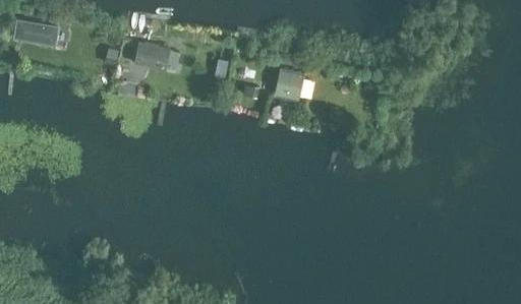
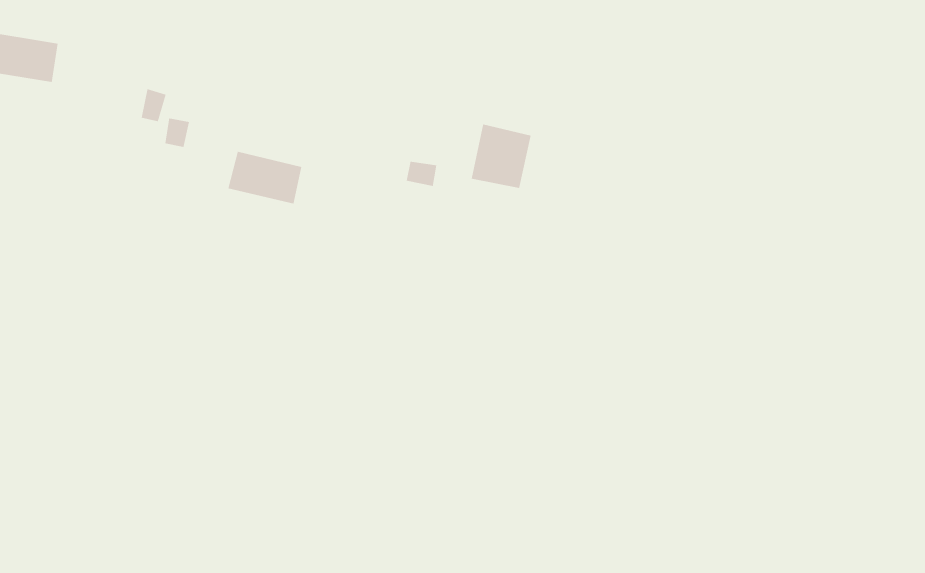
building: [134,42,173,69] -> [227,151,302,204]

